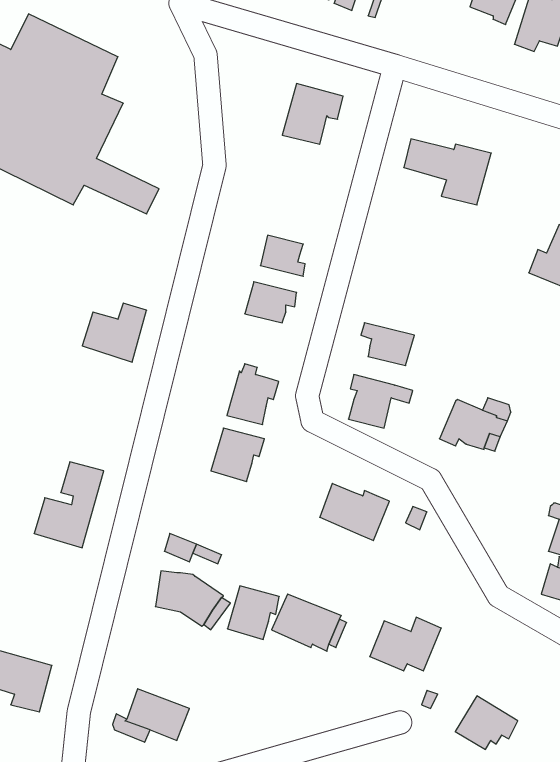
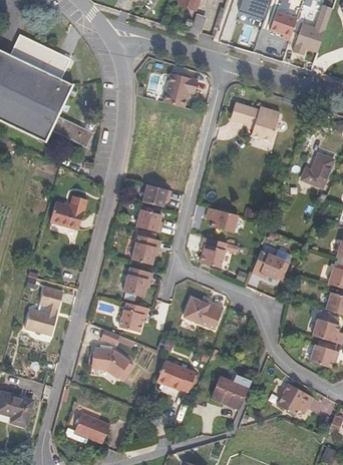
building: [260,235,305,276] -> [136,209,161,233]
building: [227,586,279,639] -> [118,302,147,332]
building: [455,696,518,749] -> [278,385,313,415]

